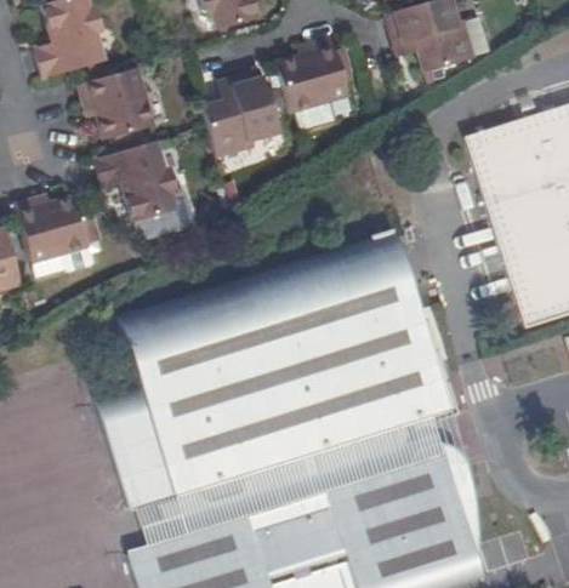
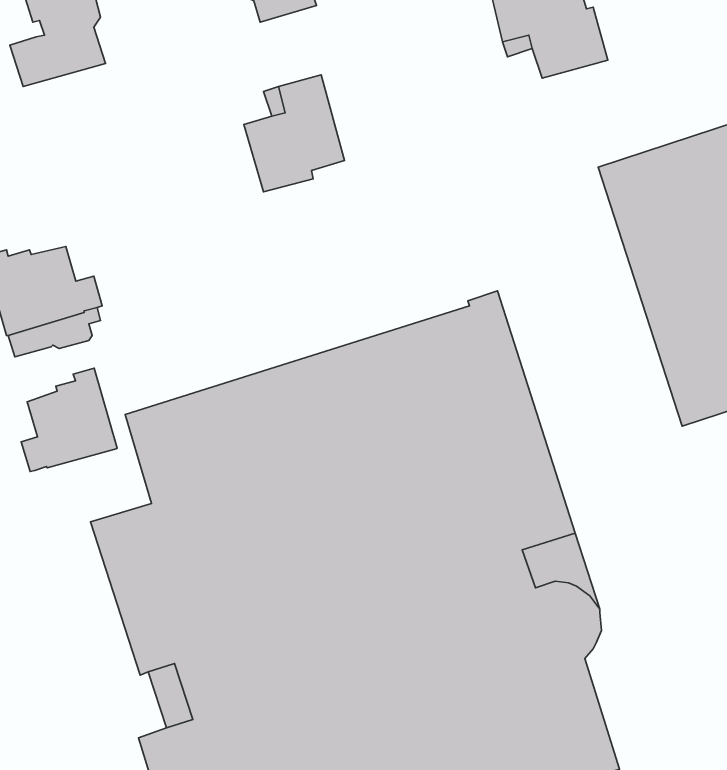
building: [278,36,349,110] -> none
building: [79,67,153,138] -> none
building: [93,142,173,221] -> none
building: none -> [21,368,117,472]

